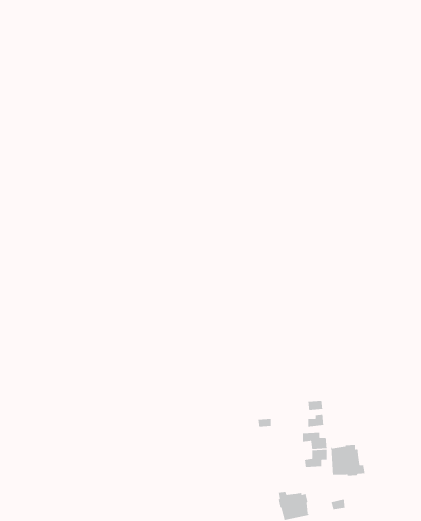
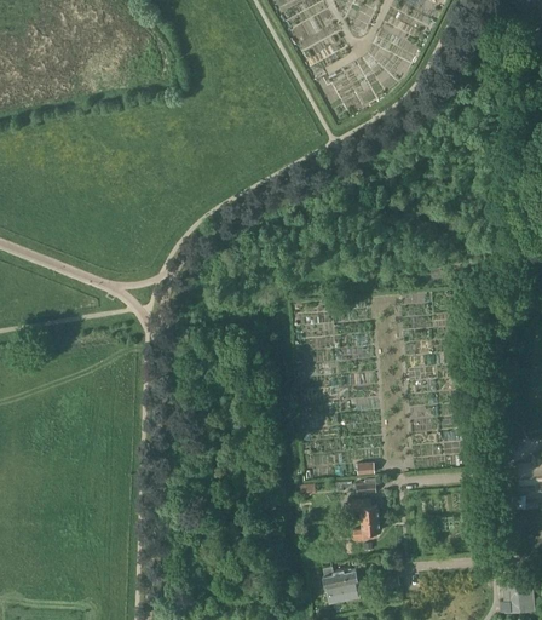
building: [330,444,365,476] -> none

